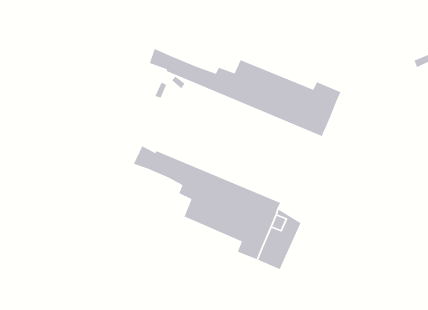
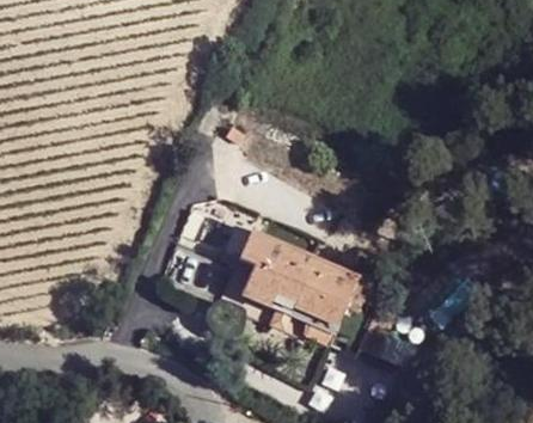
building: [149,48,341,137] -> none

